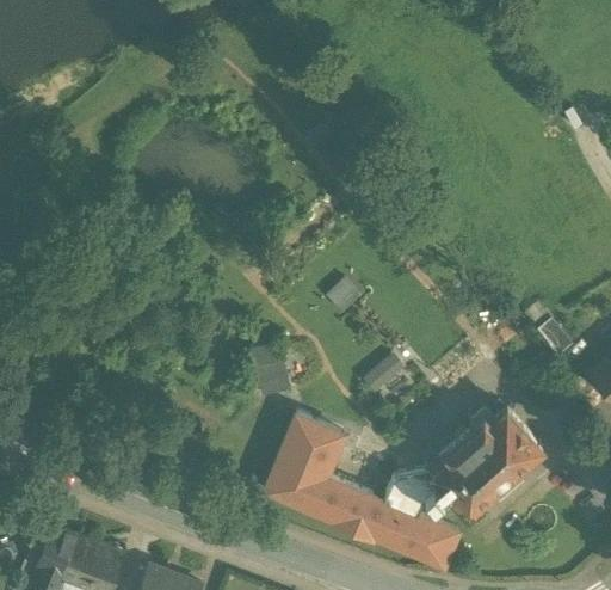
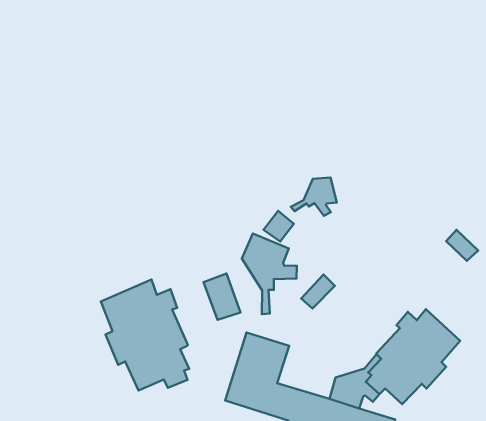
building: none -> [291,178,337,216]
building: none -> [242,233,297,314]
building: none -> [101,280,189,391]

